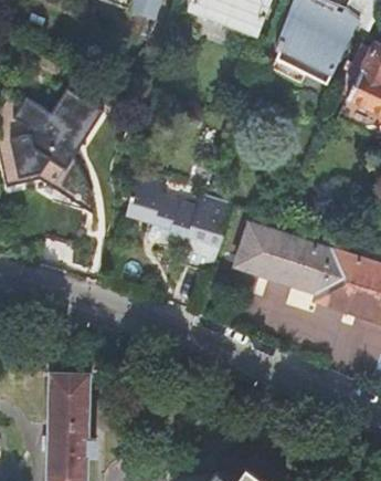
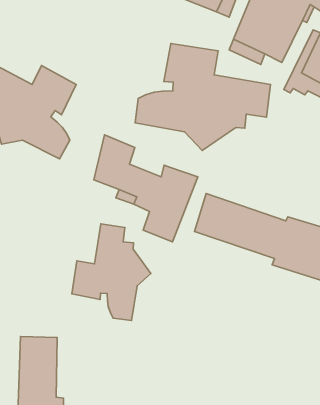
building: none -> [135,43,271,151]
building: none -> [72,224,151,321]

